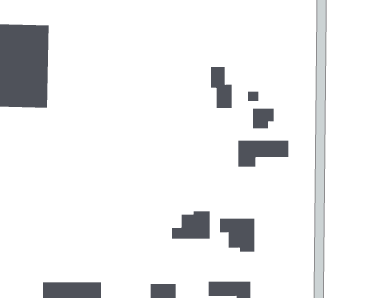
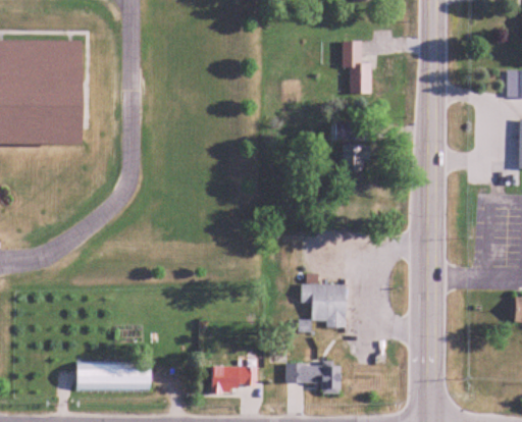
building: [210,67,233,108] -> [342,39,370,92]
building: [238,140,289,167] -> none
building: [172,210,210,240] -> none

